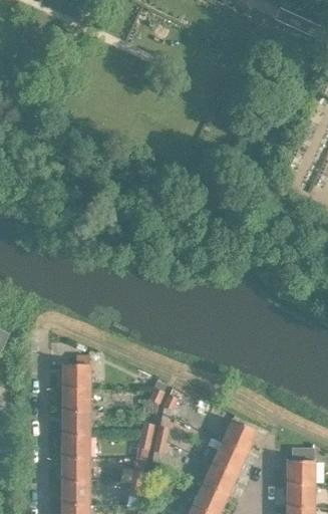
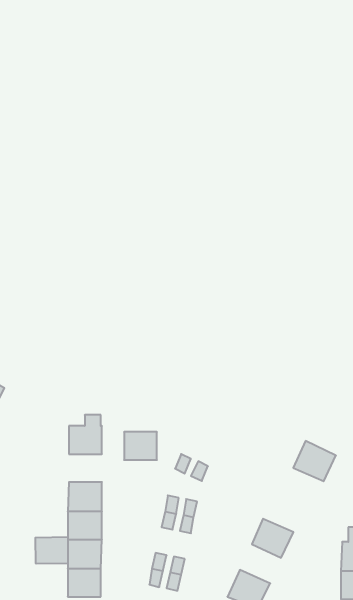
building: [62,391,89,414] -> [124,432,157,460]
building: [222,422,257,455] -> [293,441,336,481]
building: none -> [35,537,68,564]
building: [203,465,237,497] -> none

